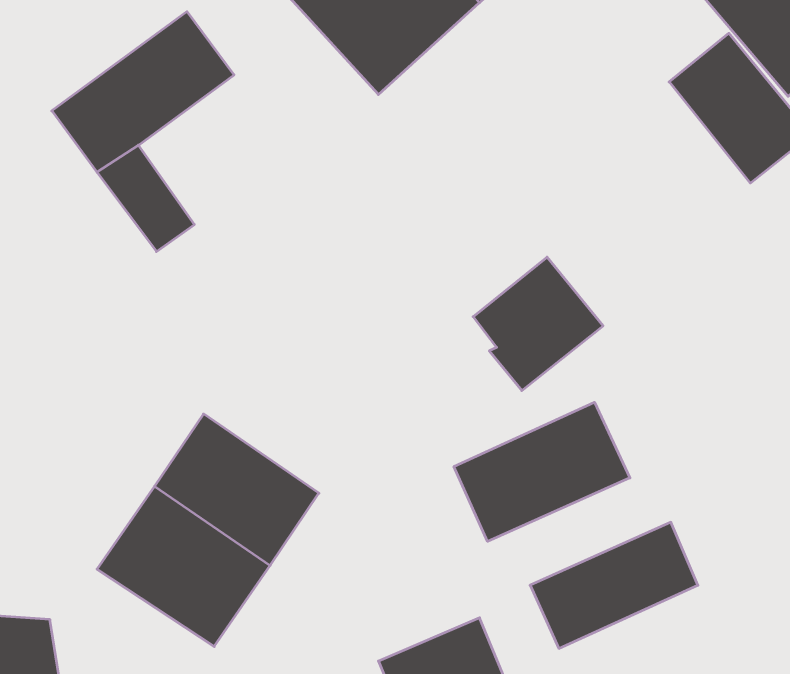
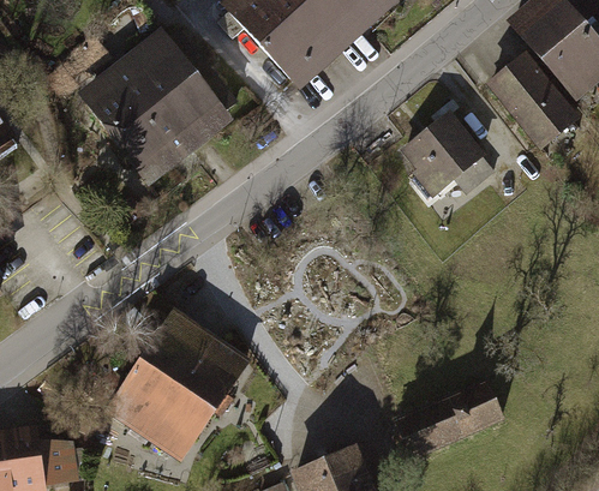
building: none -> [132,77,234,176]
building: [473,257,603,391] -> [403,113,490,202]
building: [454,402,630,541] -> none

